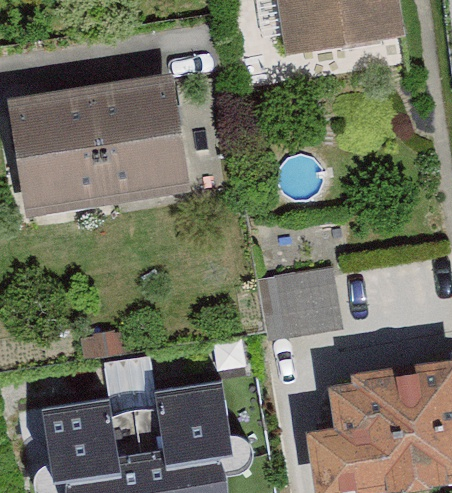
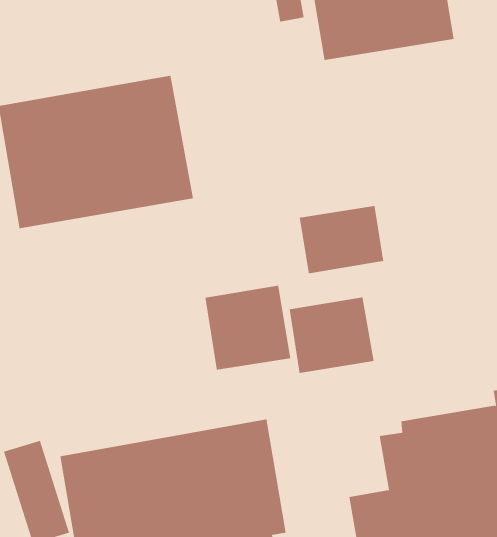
building: none -> [299,205,384,274]
building: none -> [205,285,291,370]

